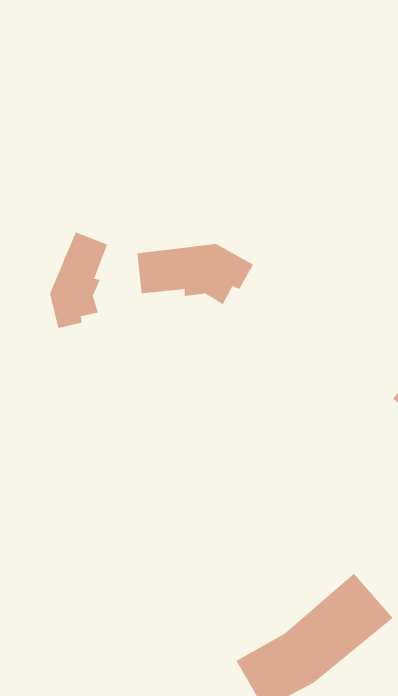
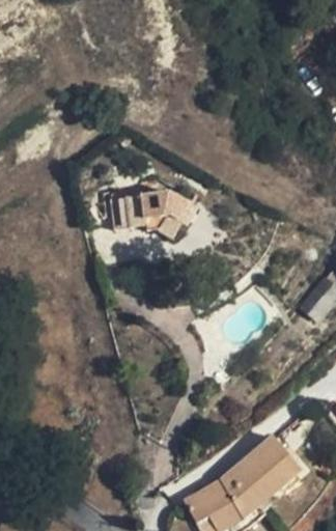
building: [49,232,108,329] -> none

